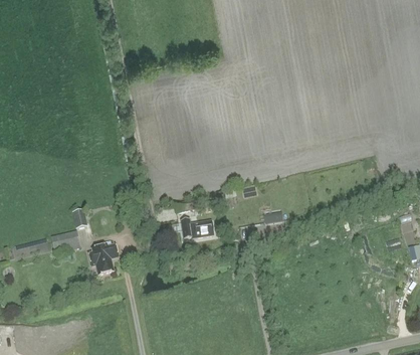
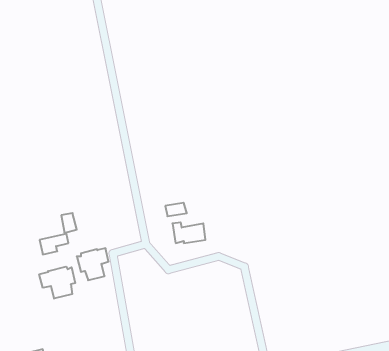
building: none -> [39,267,75,299]

